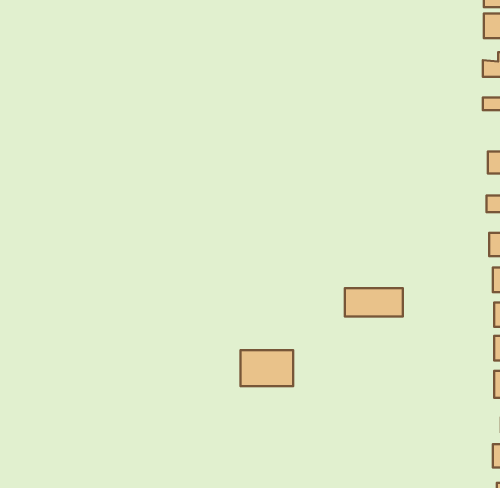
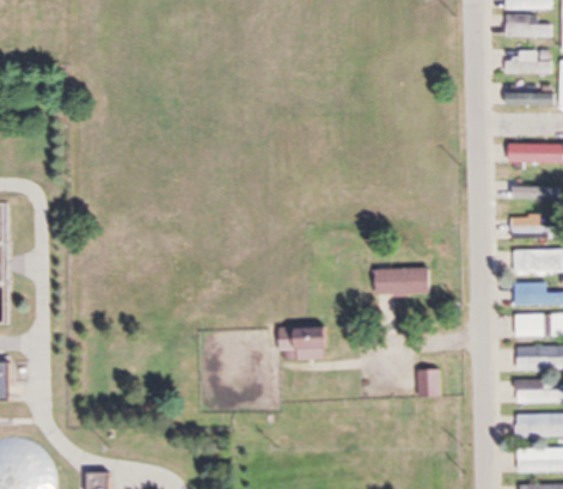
building: none -> [416,369,439,397]

